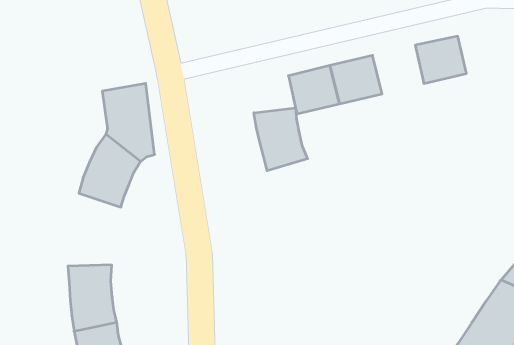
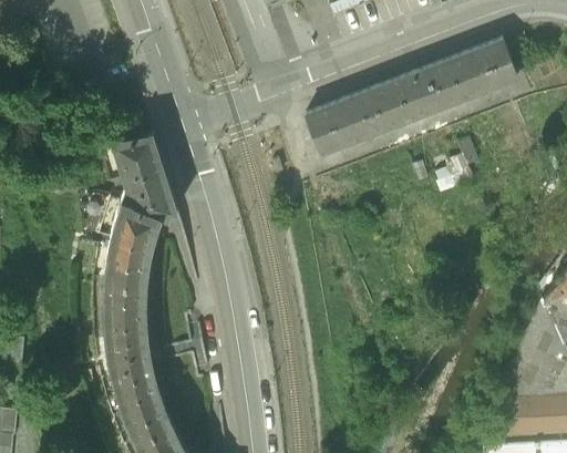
building: none -> [471,41,526,93]
building: none -> [386,71,442,124]
building: [254,108,308,171] -> none
building: none -> [101,262,150,338]

